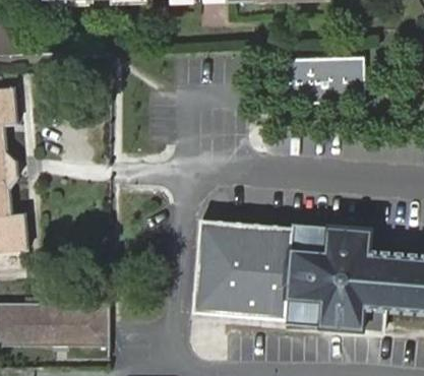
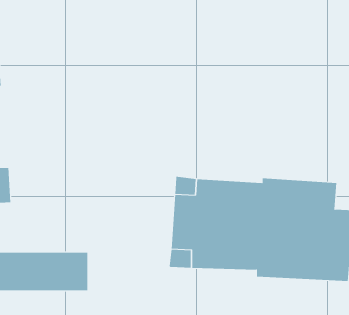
building: [285,59,363,104] -> none

